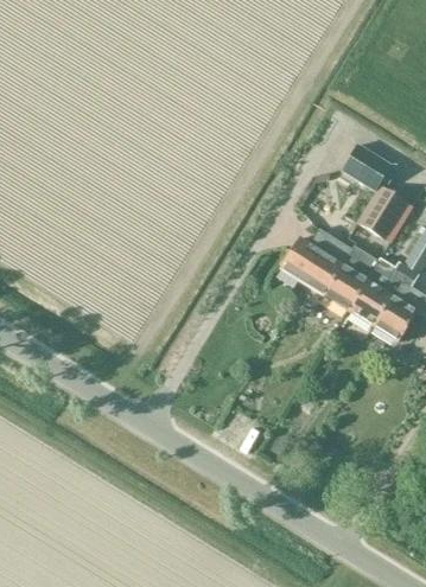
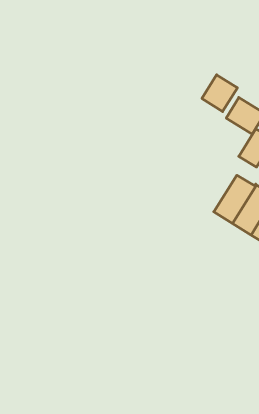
building: none -> [202,75,237,112]
building: [281,228,356,295] -> none

